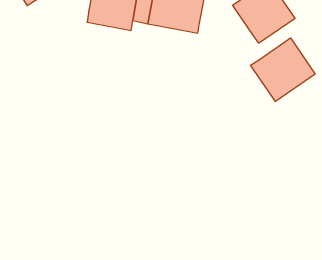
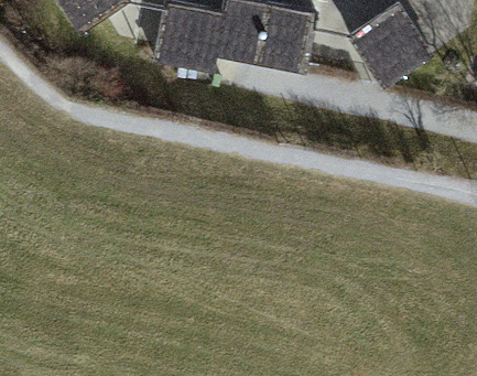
building: [251,38,315,102] -> none

